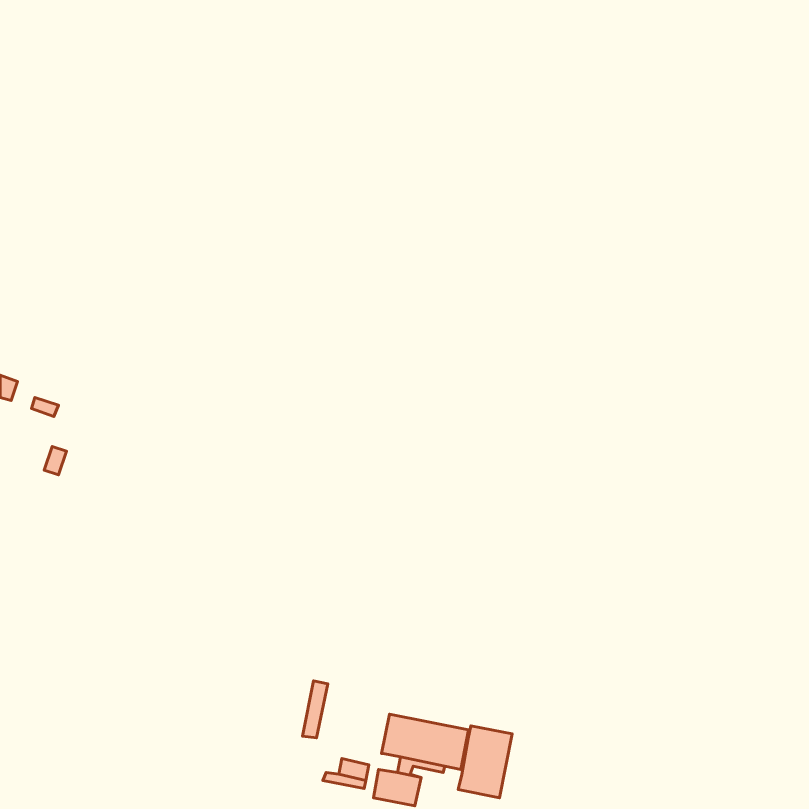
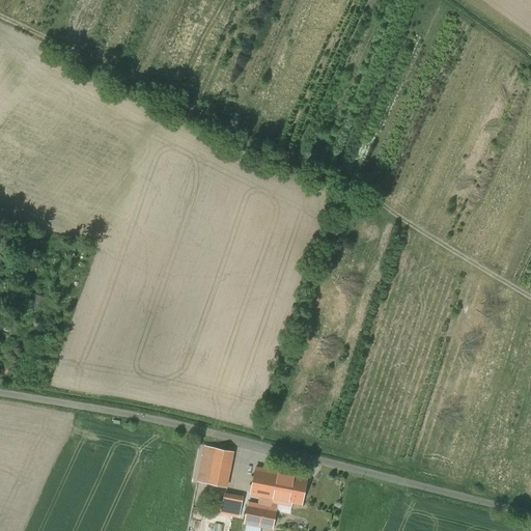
building: none -> [207,448,232,487]
building: [458,726,512,798] -> none

